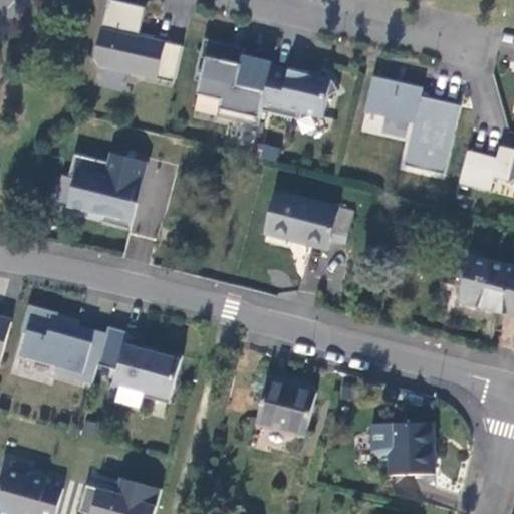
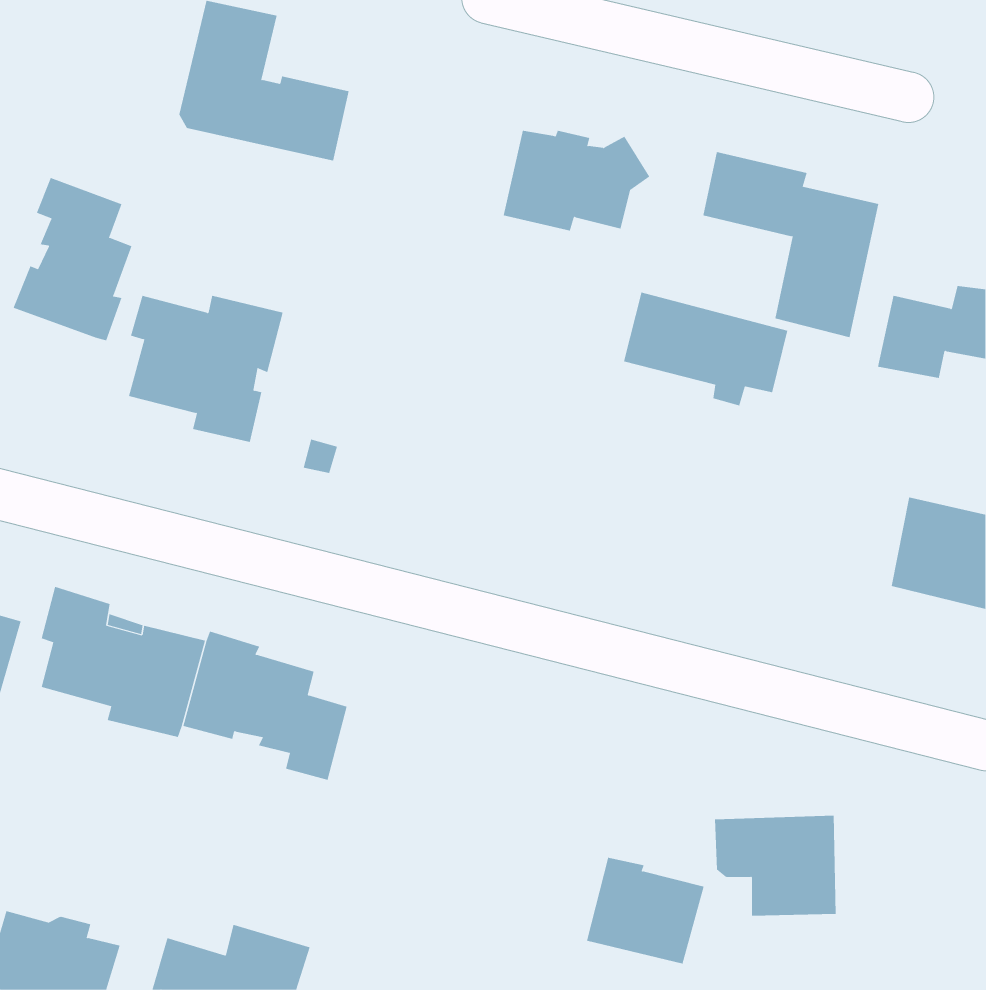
building: [193,39,271,126] -> none
building: none -> [13,177,132,341]
building: [267,192,352,251] -> [623,292,788,406]
building: [255,378,316,434] -> [586,857,705,964]

